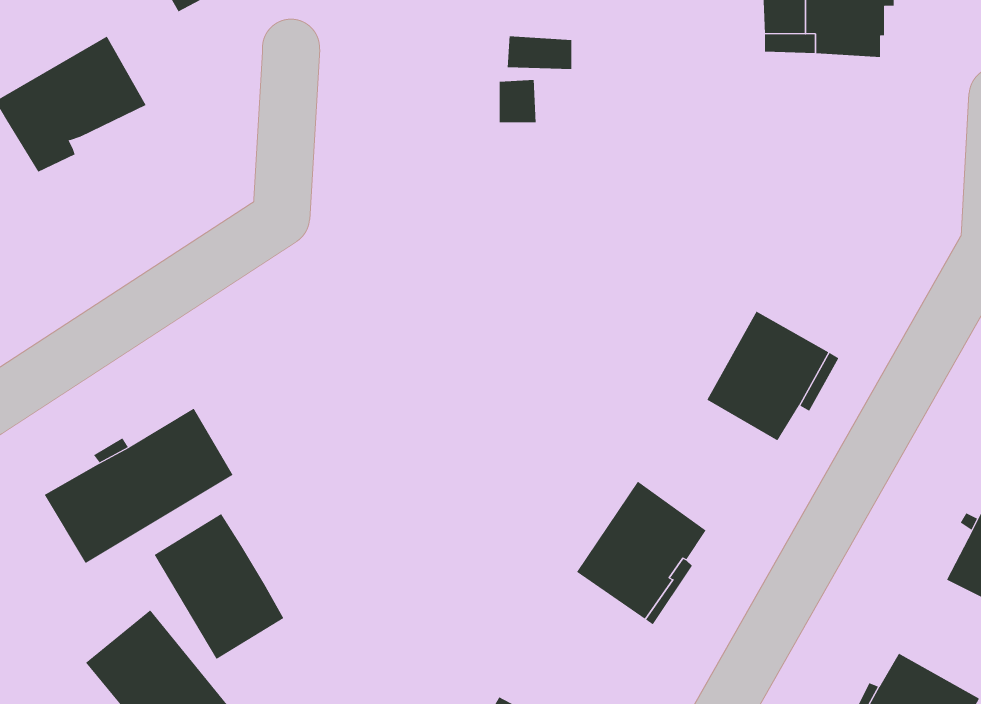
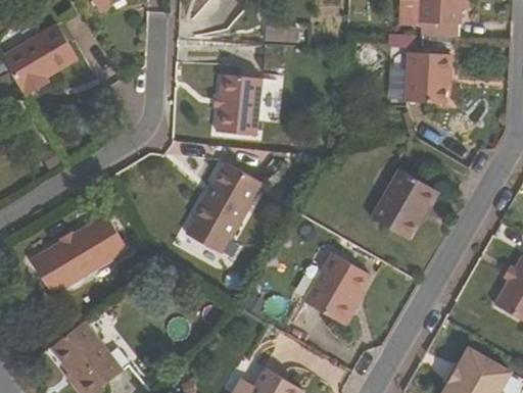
building: none -> [410,51,453,103]
building: none -> [217,71,263,137]
building: none -> [181,164,271,259]
building: [154,513,284,660] -> none

